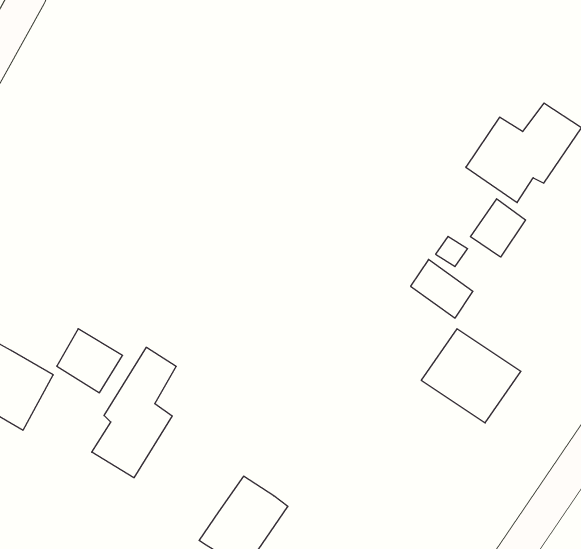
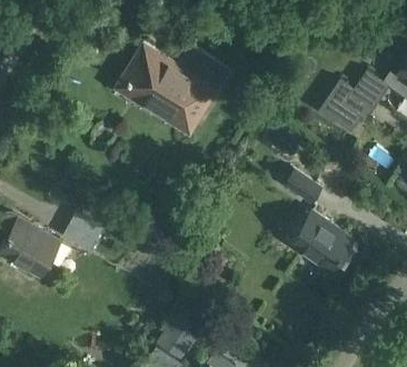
building: none -> [117,43,229,133]
building: [470,199,526,257] -> none
building: [92,347,176,478] -> none

